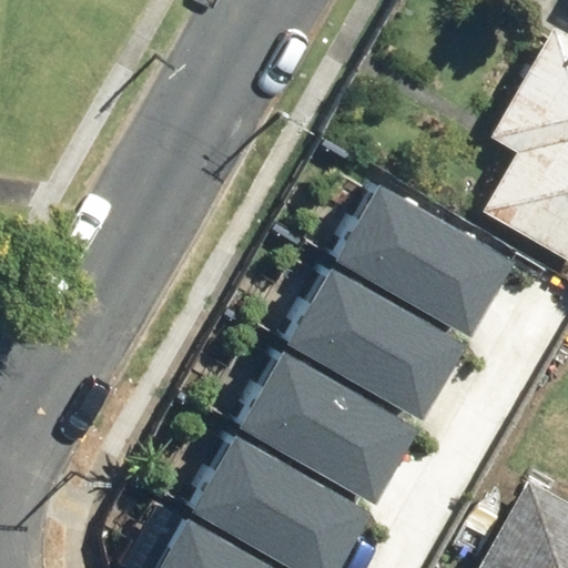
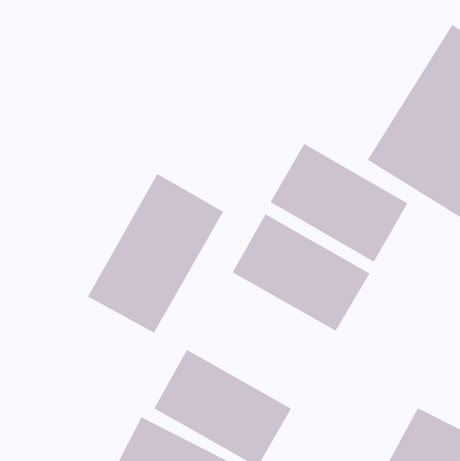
building: none -> [87,173,224,334]
building: [243,354,409,496] -> none

